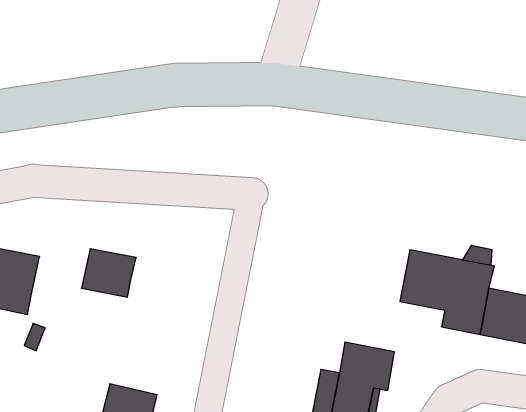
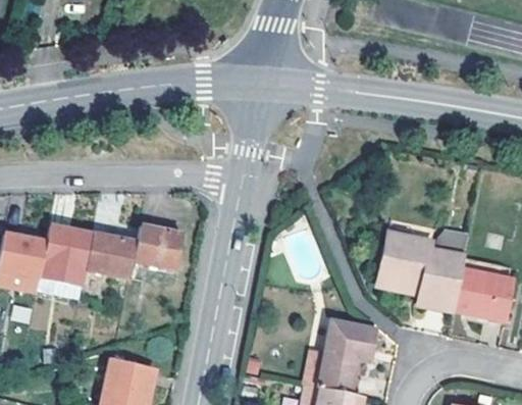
building: none -> [38,224,93,286]
building: none -> [130,225,182,269]

